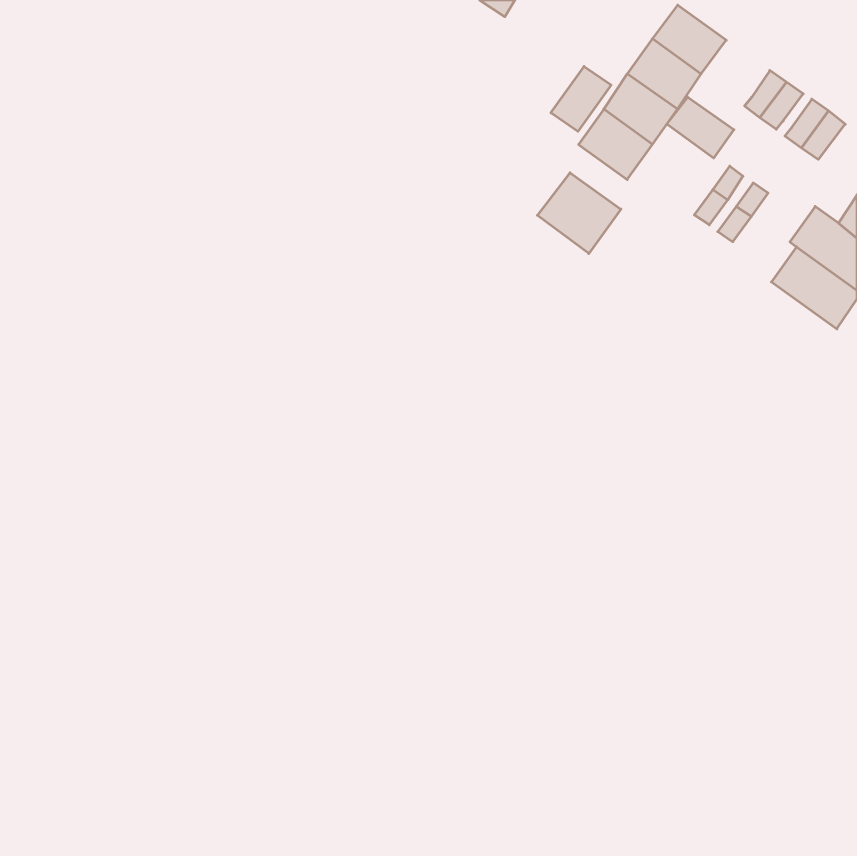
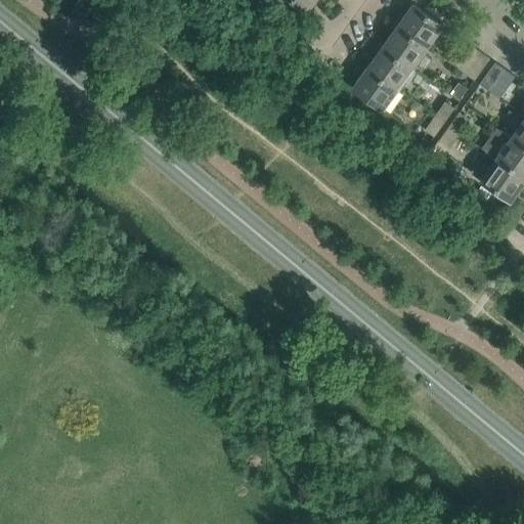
building: [551,66,611,131] -> none
building: [667,97,734,158] -> none
building: [537,173,621,254] -> none

